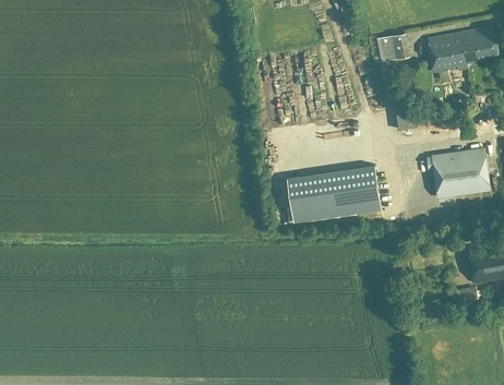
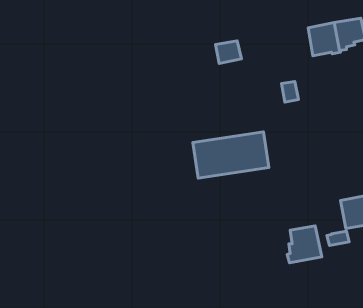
building: [376,35,408,62] -> [216,41,242,63]
building: [425,148,490,200] -> none
building: none -> [287,226,322,263]

